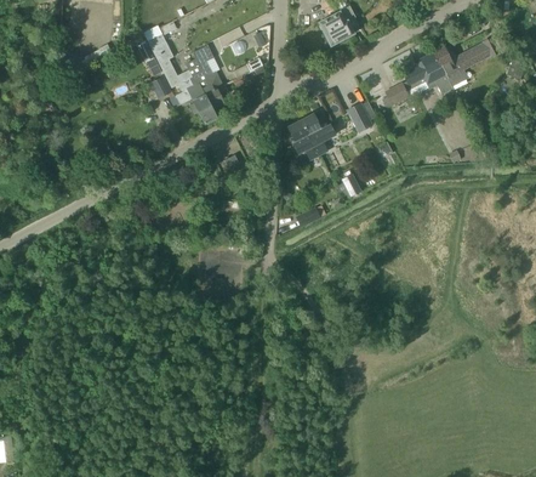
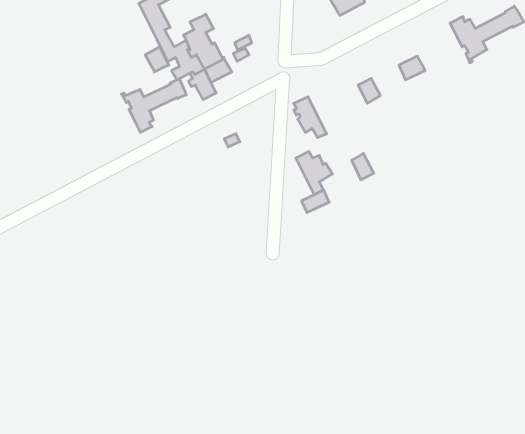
building: [401,52,450,93] -> none
building: none -> [121,79,186,132]
building: [301,114,335,154] -> [296,152,333,195]

